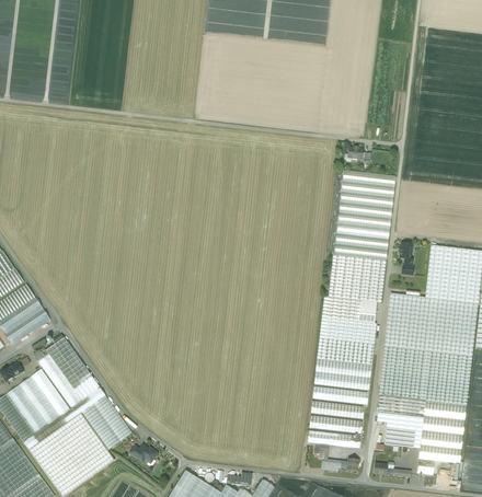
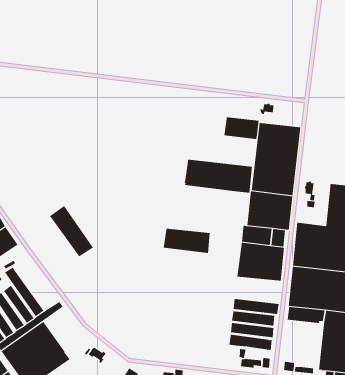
building: none -> [224,116,259,140]
building: none -> [183,159,253,193]
building: [46,338,101,402] -> [49,205,94,257]
building: [313,360,371,391] -> [163,228,211,253]
building: [81,396,133,451] -> none
building: [372,413,418,459] -> none

